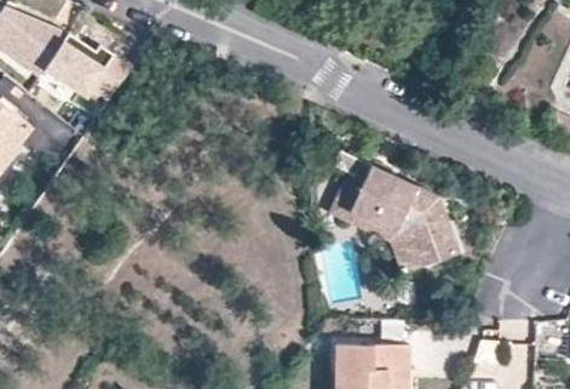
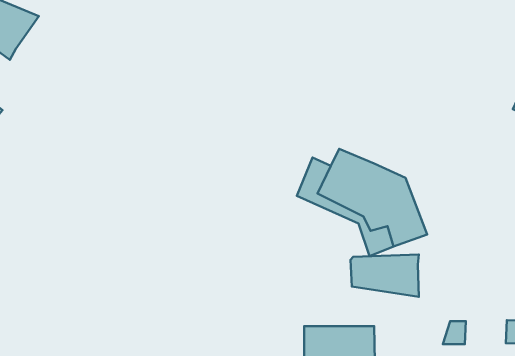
building: [47,32,133,98] -> none
building: none -> [351,255,419,297]

